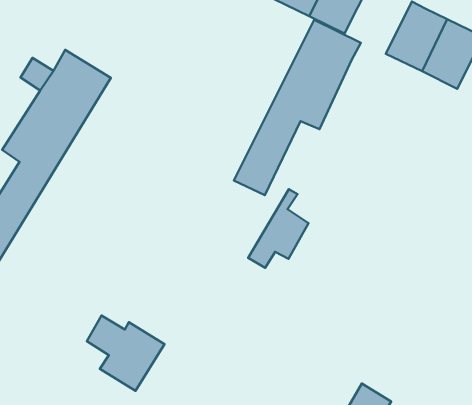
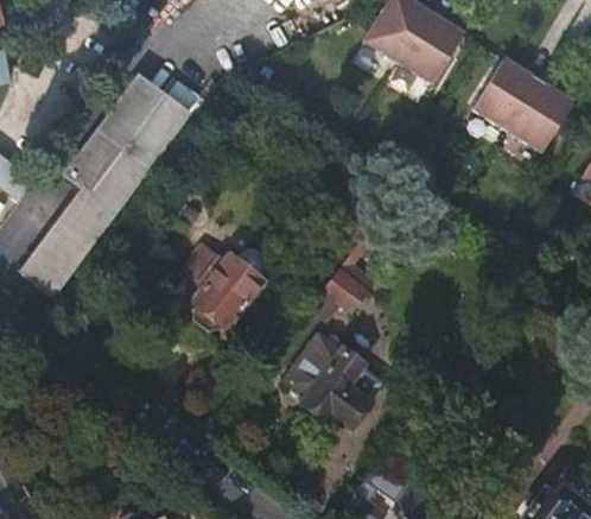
building: [234,20,361,195] -> none
building: none -> [290,334,369,425]
building: [87,315,164,391] -> [183,242,262,323]

